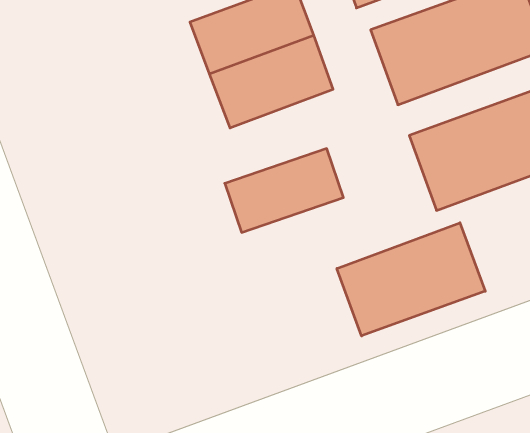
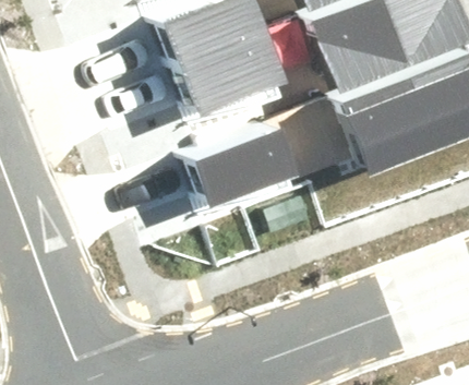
building: [337,223,485,336] -> none

